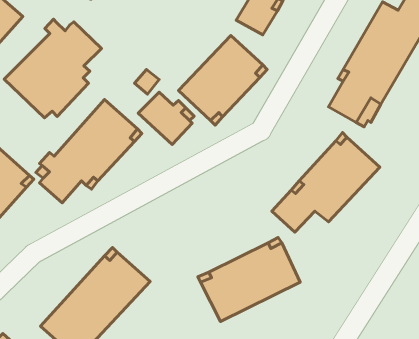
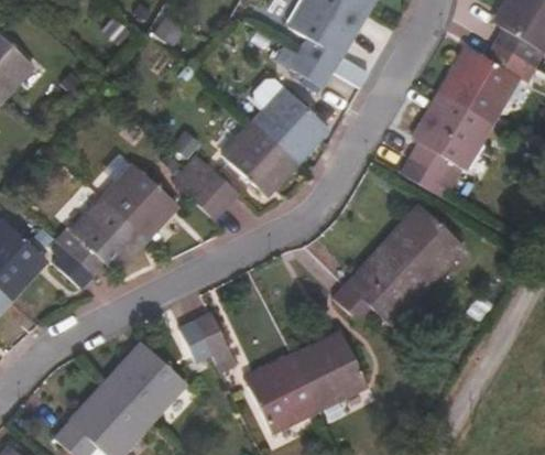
building: [4,19,102,118] -> none
building: none -> [179,313,237,373]

